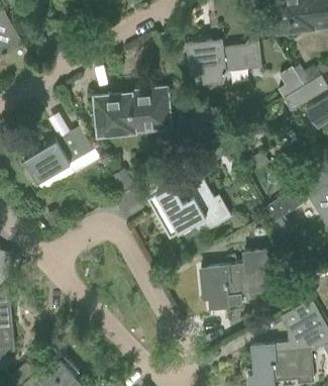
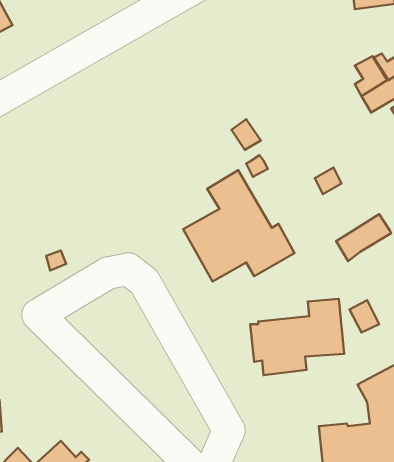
building: [187,41,259,84] -> none
building: [93,89,171,136] -> none
building: [21,132,87,184] -> none

